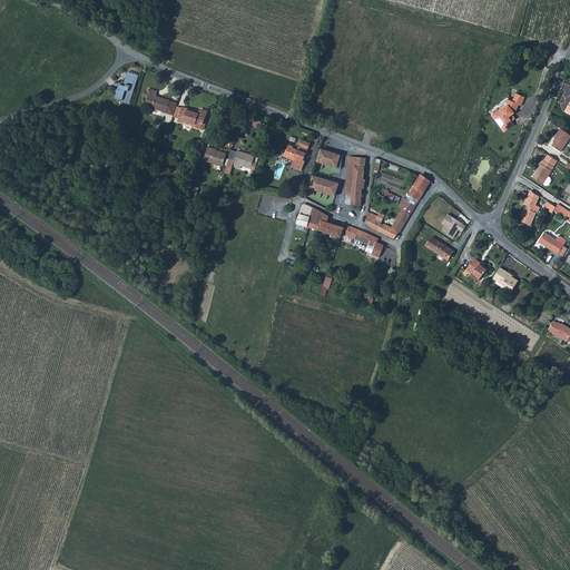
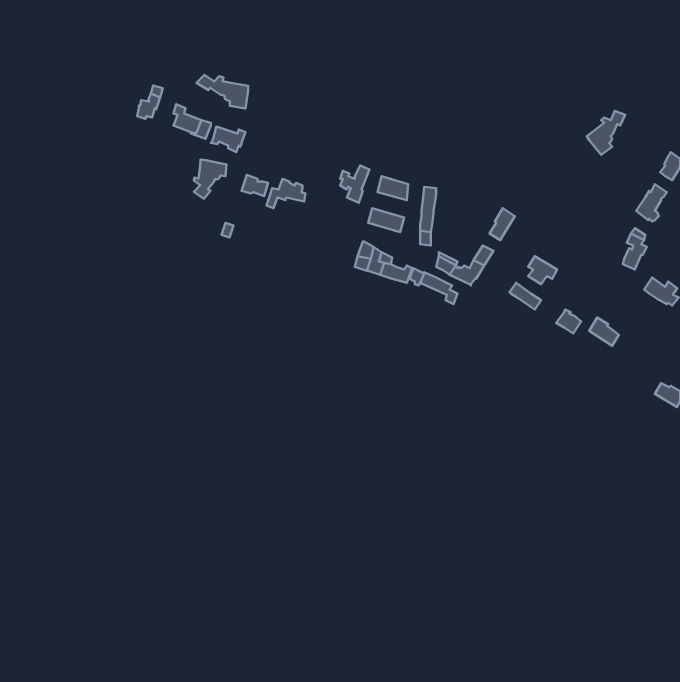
building: none -> [196,75,248,109]
building: none -> [194,160,226,199]

